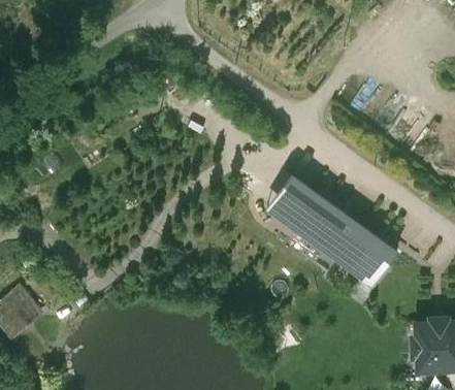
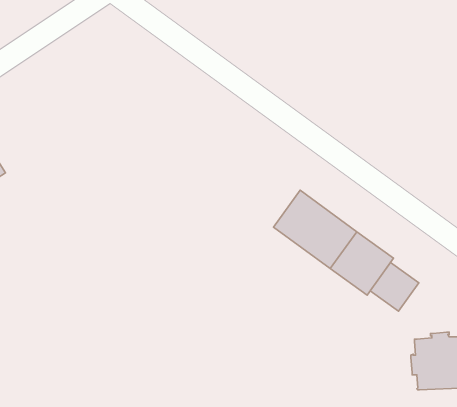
building: [267,174,314,224] -> none
building: none -> [370,263,419,311]

